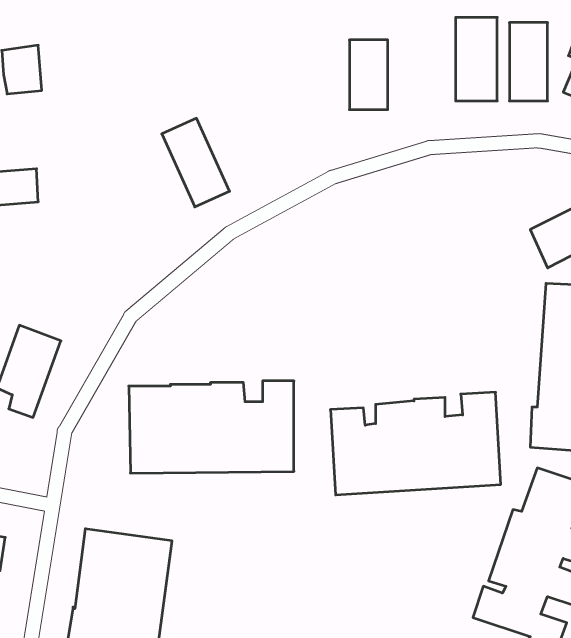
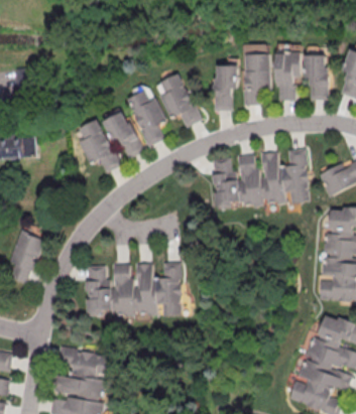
building: none -> [244,53,269,104]
building: none -> [155,73,200,127]
building: none -> [127,87,165,147]
building: none -> [76,119,119,171]
building: [330,392,501,495] -> [211,148,310,208]

